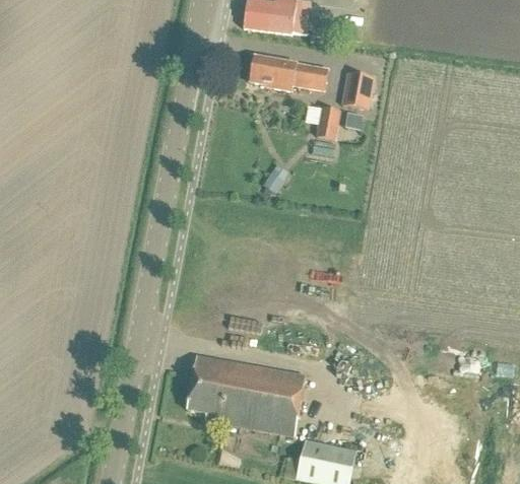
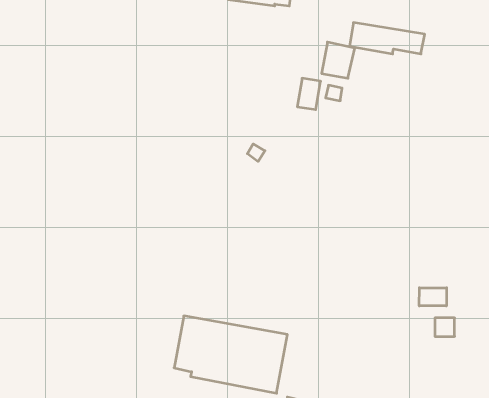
building: [248,56,326,88] -> [350,23,425,54]
building: none -> [419,288,447,306]

